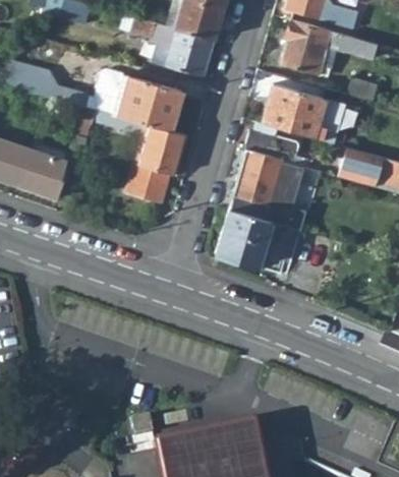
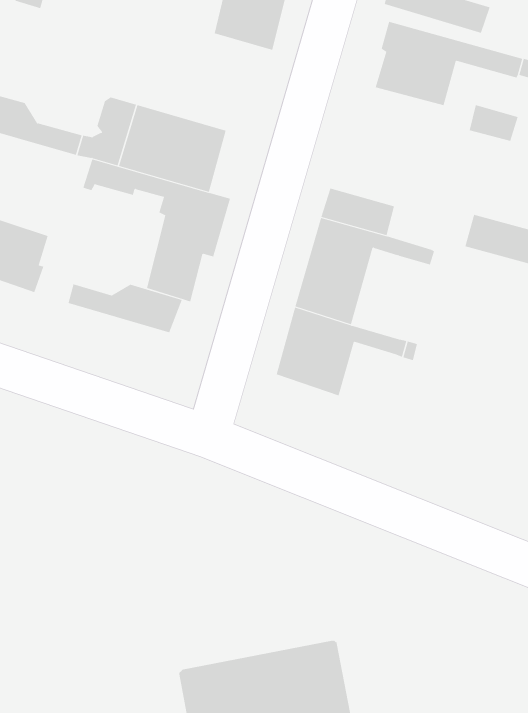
building: [129,17,214,77] -> none
building: [263,84,332,140] -> none
building: [266,170,301,230] -> none
building: none -> [68,283,183,333]
building: [258,232,294,275] -> none

